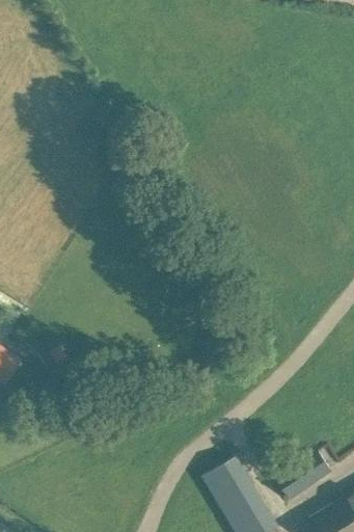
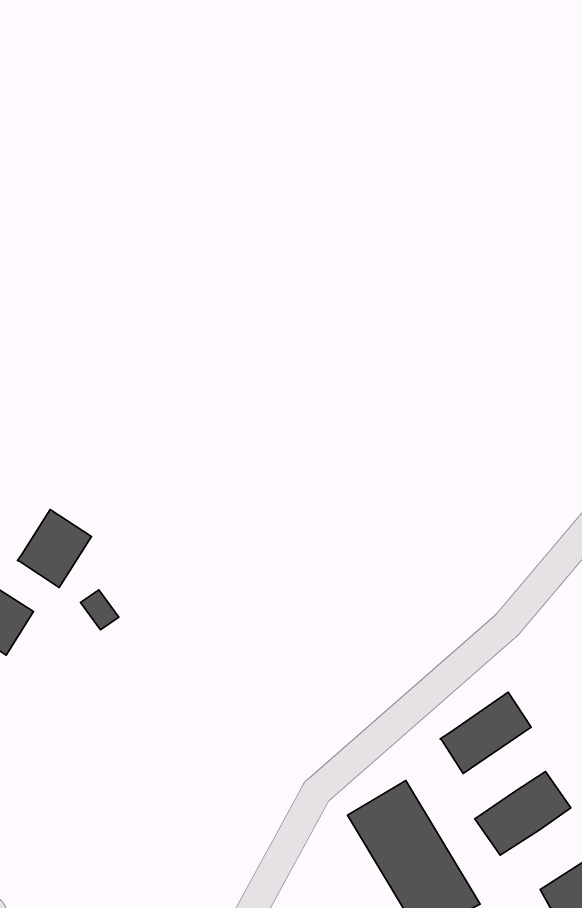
building: none -> [18,510,92,587]
building: none -> [440,692,531,774]

